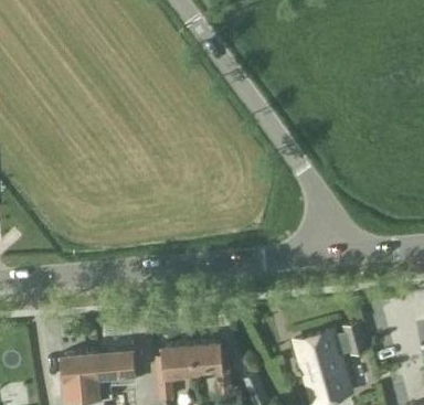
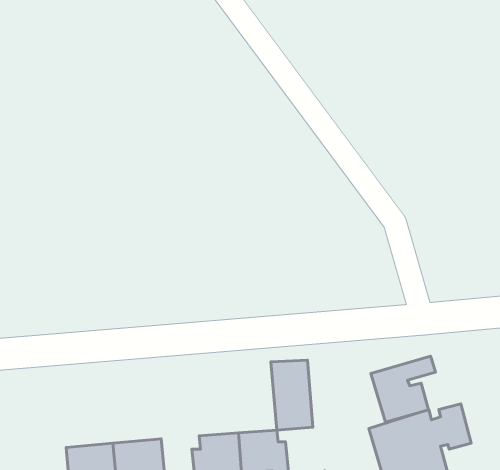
building: none -> [371,356,435,422]
building: none -> [271,360,313,430]

